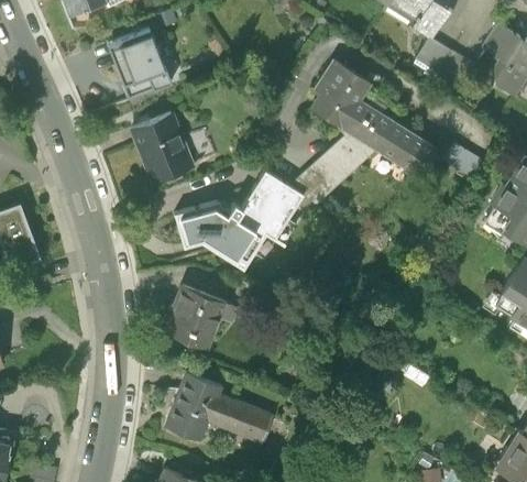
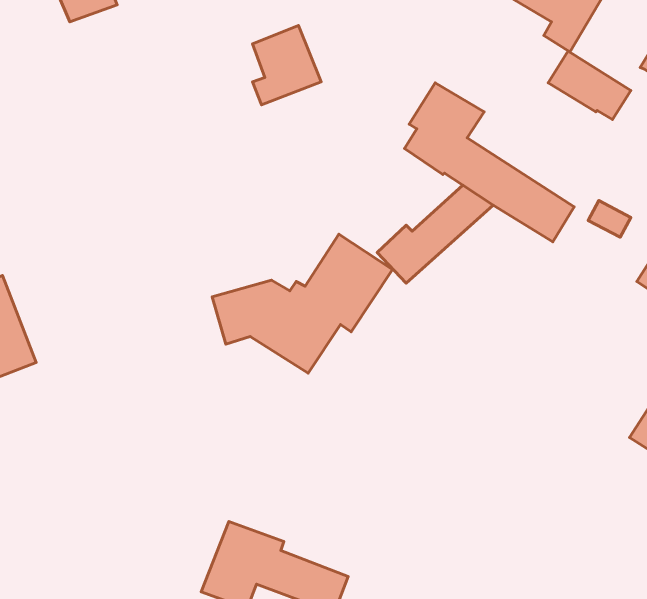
building: [118,28,167,85] -> [252,25,321,105]
building: [131,114,194,184] -> none
building: [166,284,237,349] -> none

